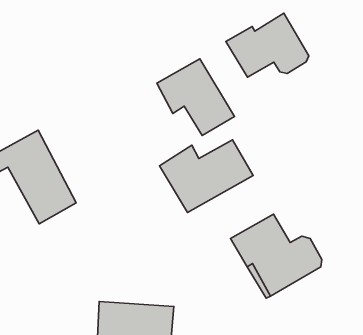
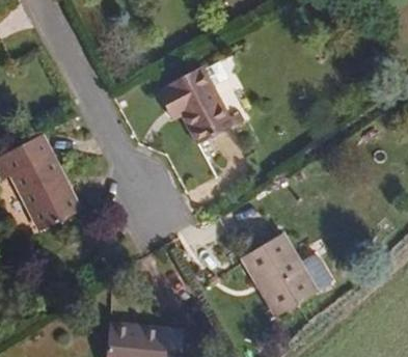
building: [226,13,309,77] -> none
building: [160,140,253,212] -> none

